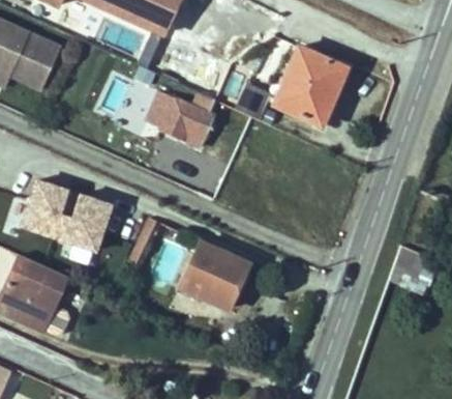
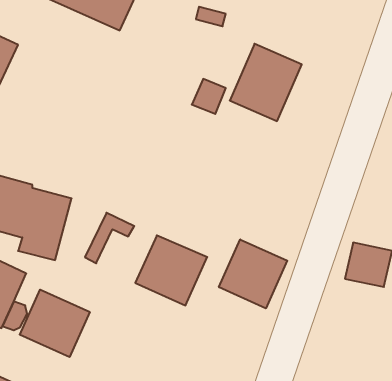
building: [127,77,214,147] -> none
building: none -> [219,239,287,308]
building: none -> [20,290,90,357]

